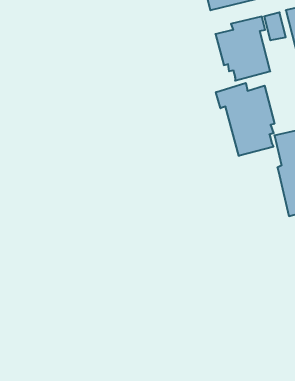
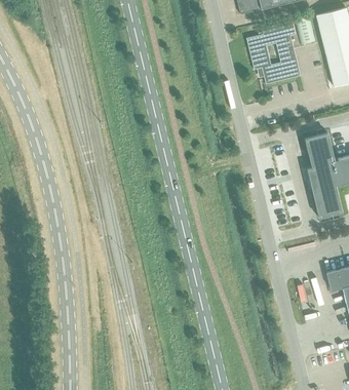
building: [216,83,274,156] -> none

